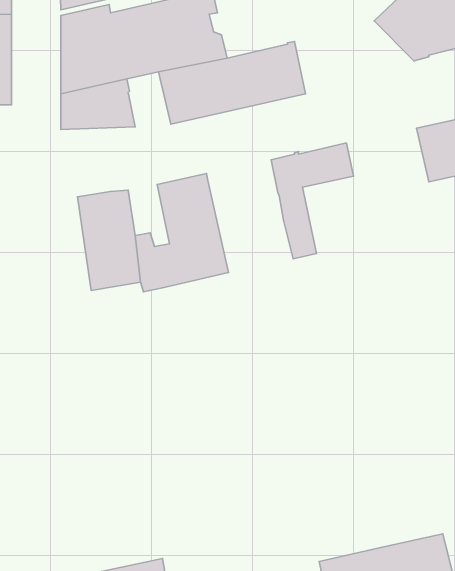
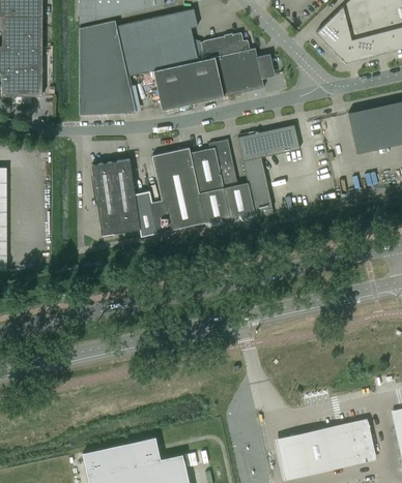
building: none -> [200,33,250,60]
building: none -> [190,139,254,221]

